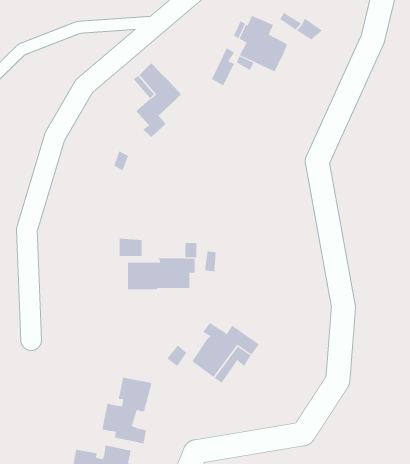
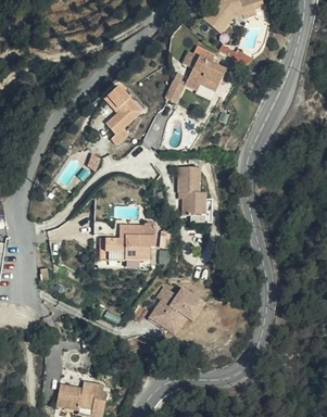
building: none -> [179,166,205,223]
building: [102,377,152,444] -> none

